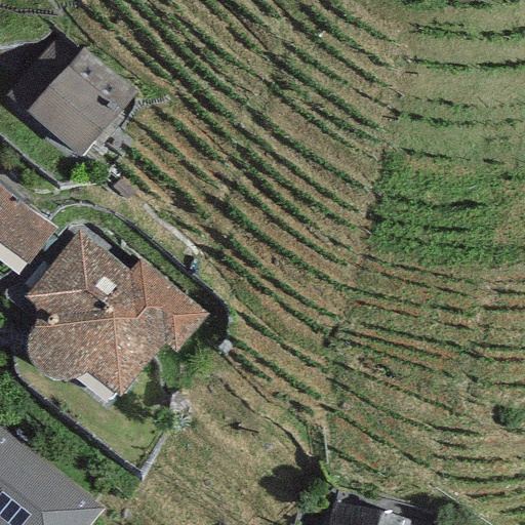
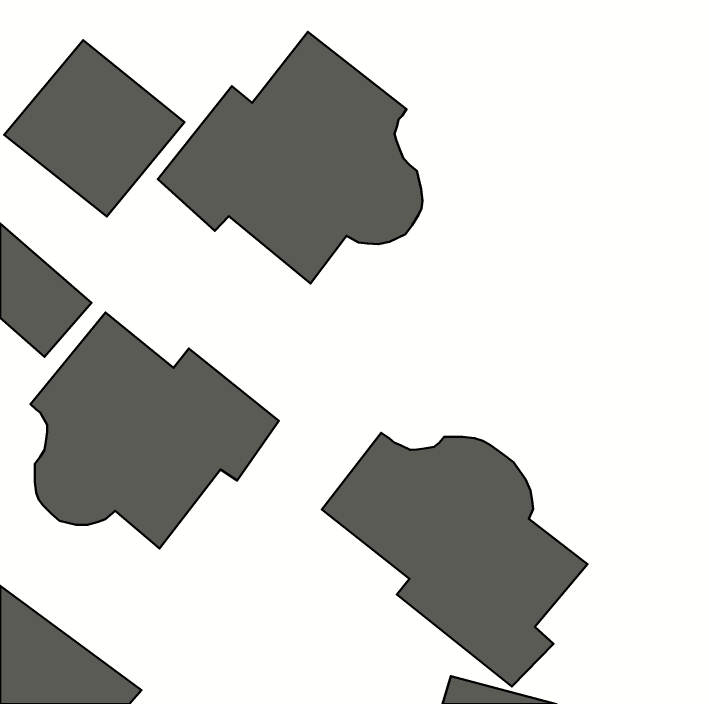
building: none -> [158,32,423,284]
building: none -> [322,433,588,687]

